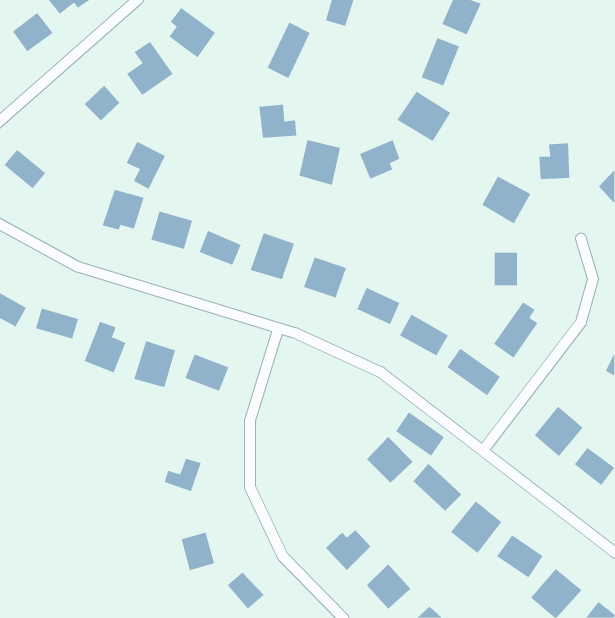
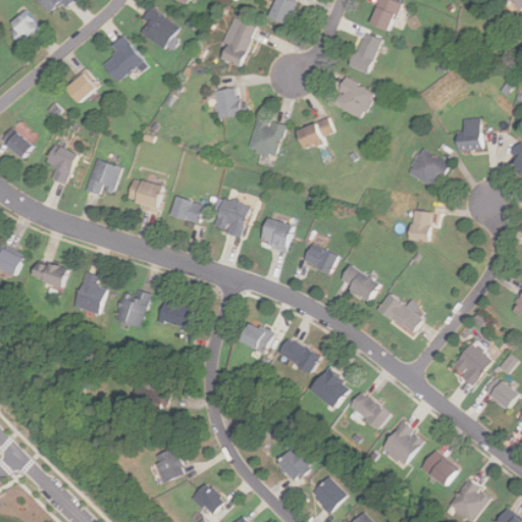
building: [126,141,166,190] -> [48,143,82,184]
building: [493,302,538,359] -> none
building: none -> [236,320,271,354]
building: [395,412,445,456] -> [275,335,317,373]

